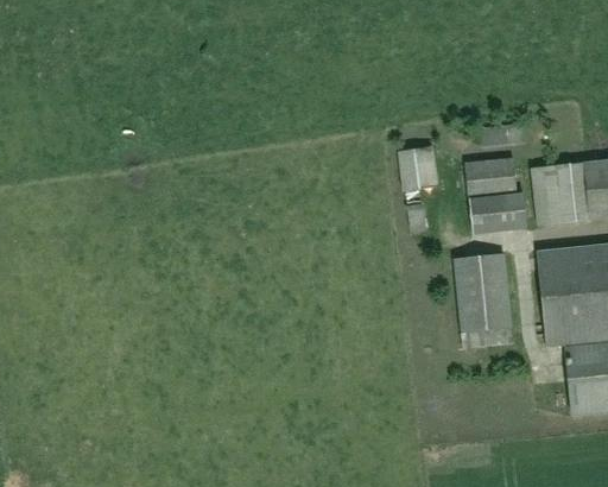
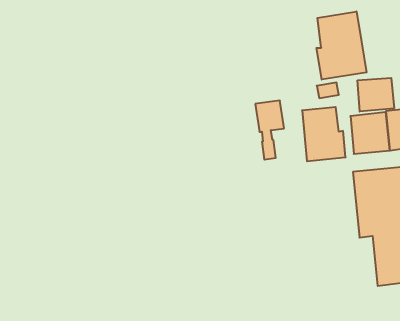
building: none -> [316,11,367,80]
building: none -> [358,78,394,112]
building: [454,253,513,331] -> none

